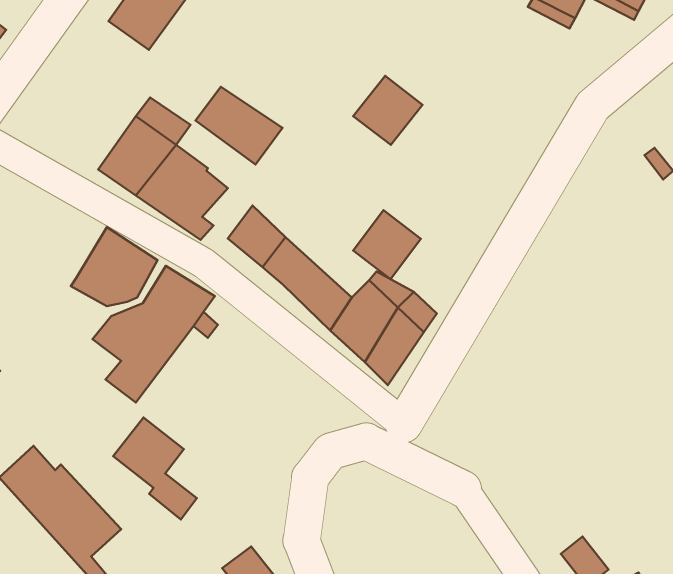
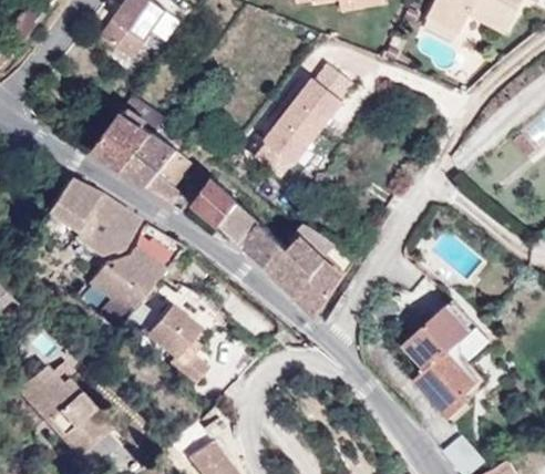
building: [196,87,282,165] -> none
building: none -> [44,177,99,233]
building: [353,210,421,279] -> [265,109,317,162]
building: none -> [402,298,486,418]
building: [113,417,197,520] -> [143,303,207,382]

